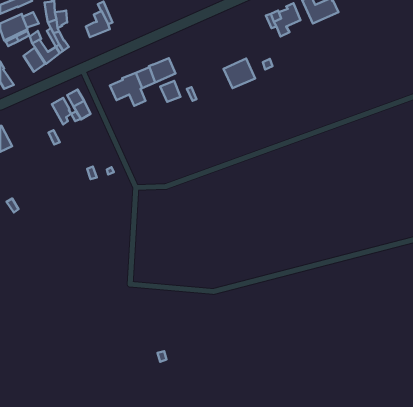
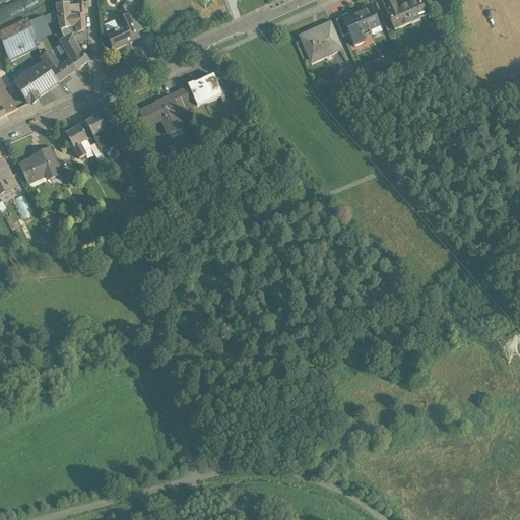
building: none -> [14,70,43,101]
building: [224,58,255,88] -> [300,22,339,60]
building: [160,81,180,102] -> none
building: none -> [19,146,60,185]

